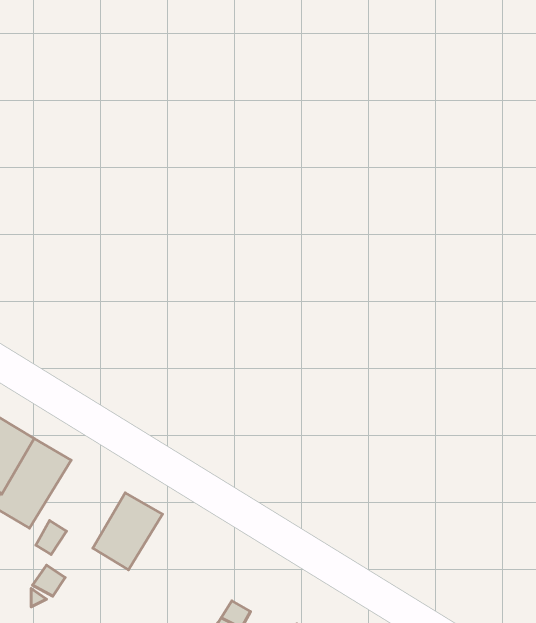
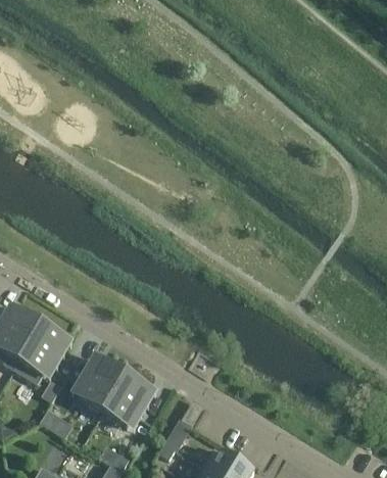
building: none -> [103,373,149,424]

